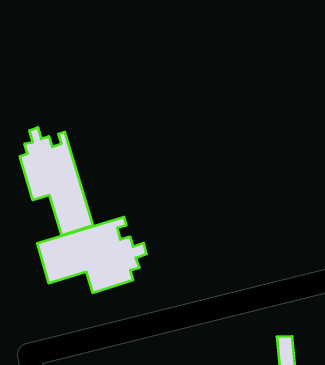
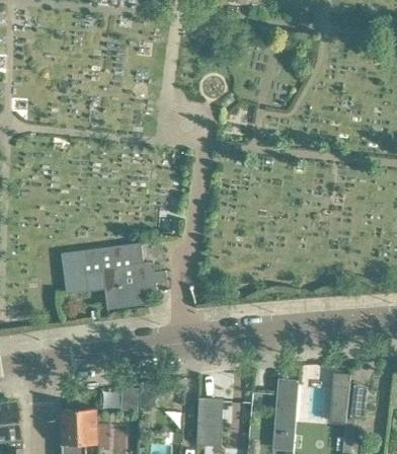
building: [20,127,93,236] -> none

